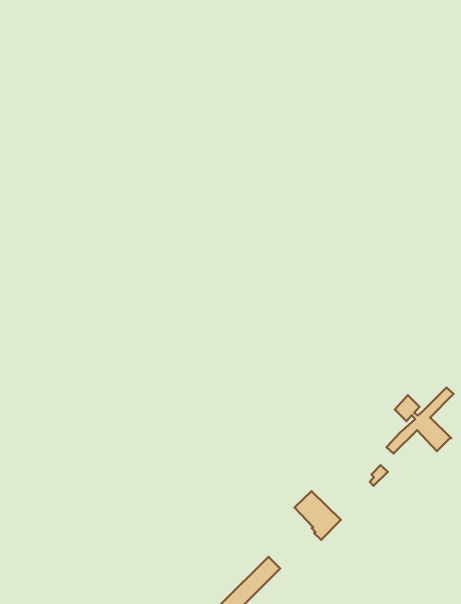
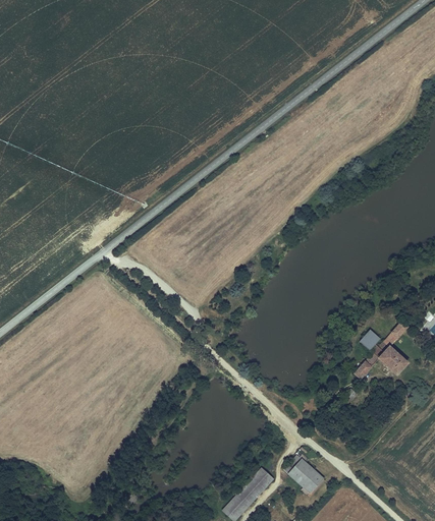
building: [295,491,341,540] -> [285,455,324,495]

